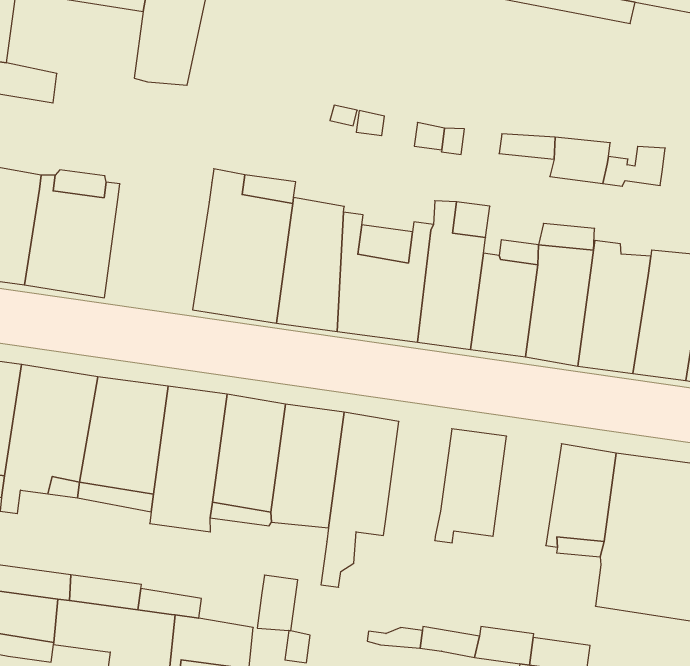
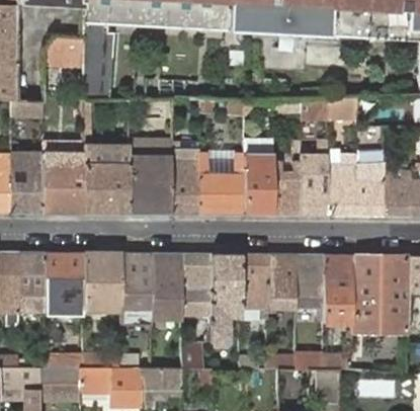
building: none -> [83,146,130,213]
building: none -> [241,255,268,307]
building: none -> [296,255,325,316]

